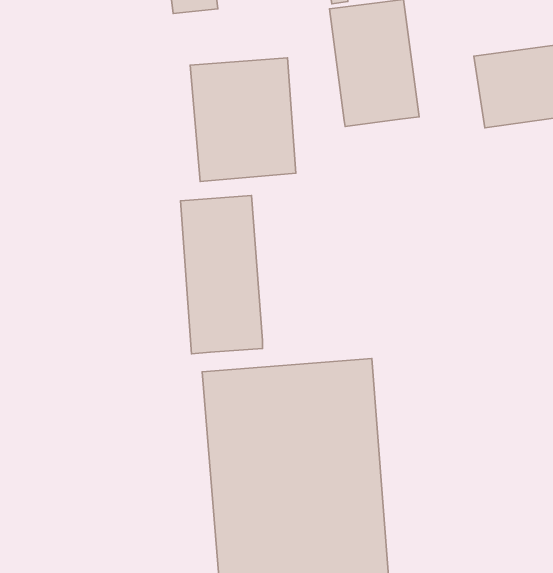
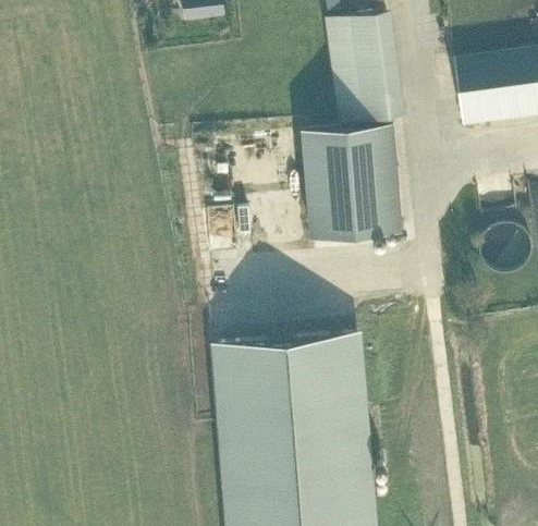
building: [190,58,296,182] -> [304,126,399,237]
building: [180,196,263,354] -> none

